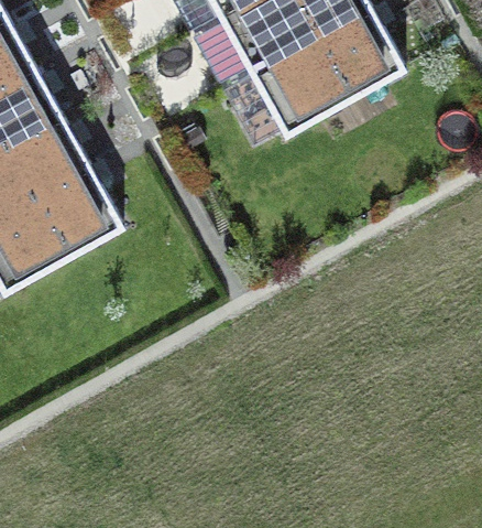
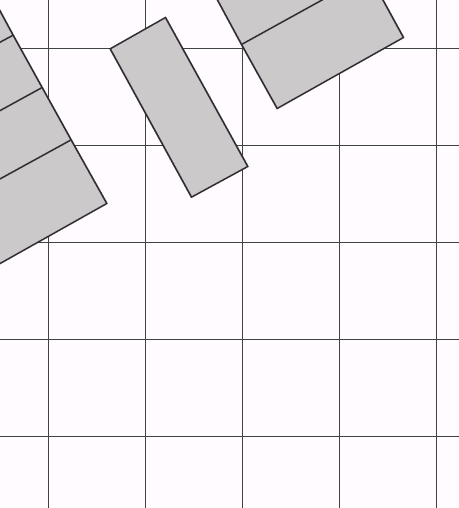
building: none -> [110,17,248,197]

